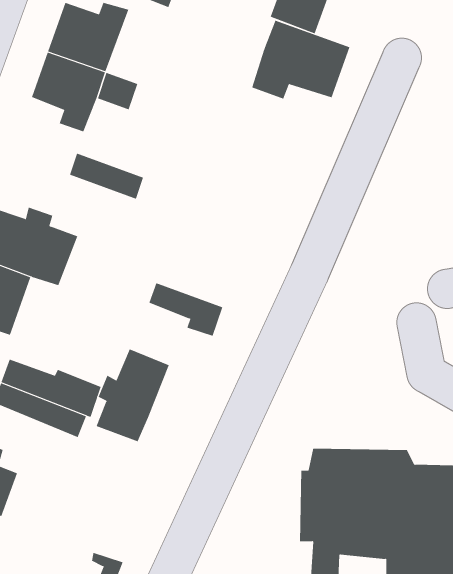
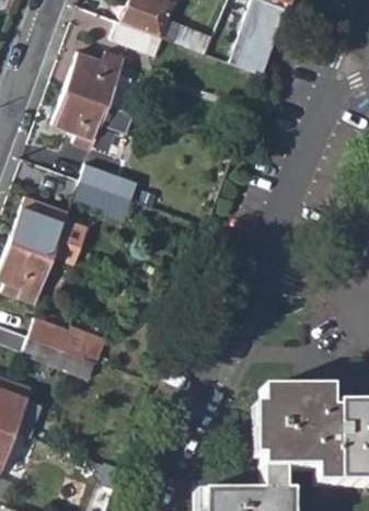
building: [252,20,350,99] -> none
building: [149,282,223,337] -> [76,181,131,221]
building: [96,349,169,442] -> none

